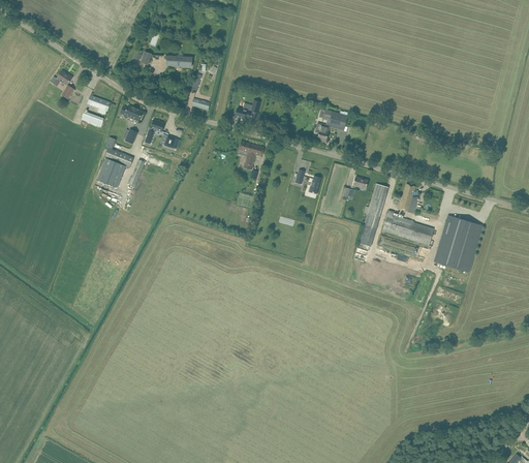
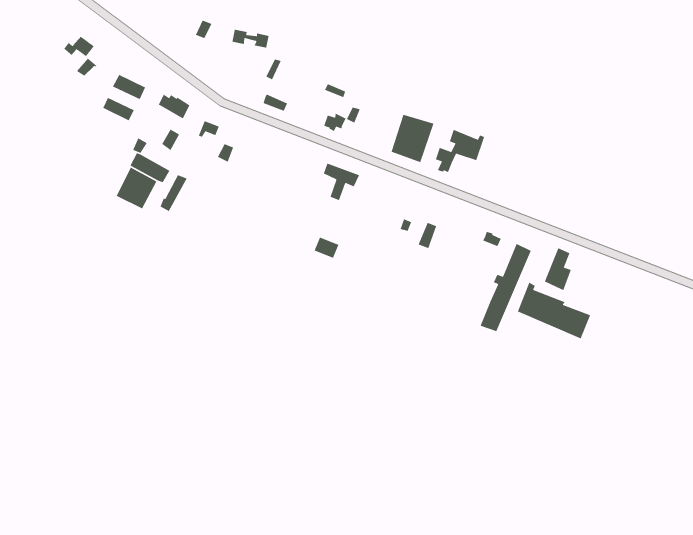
building: none -> [390,114,435,163]
building: [434,216,483,272] -> none

